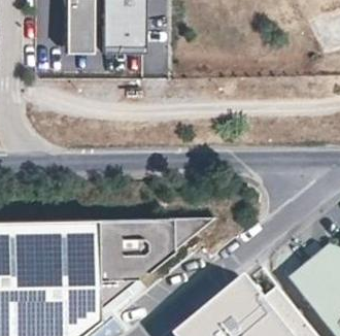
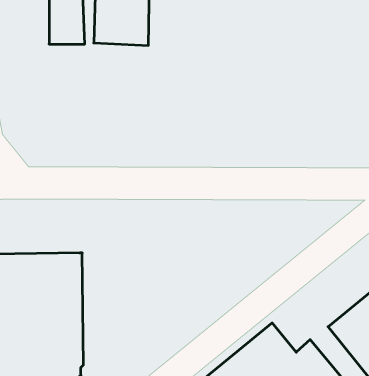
building: [92,219,212,313] -> none

